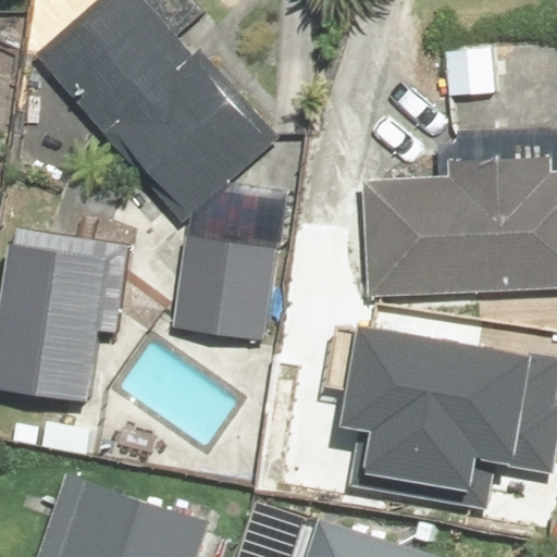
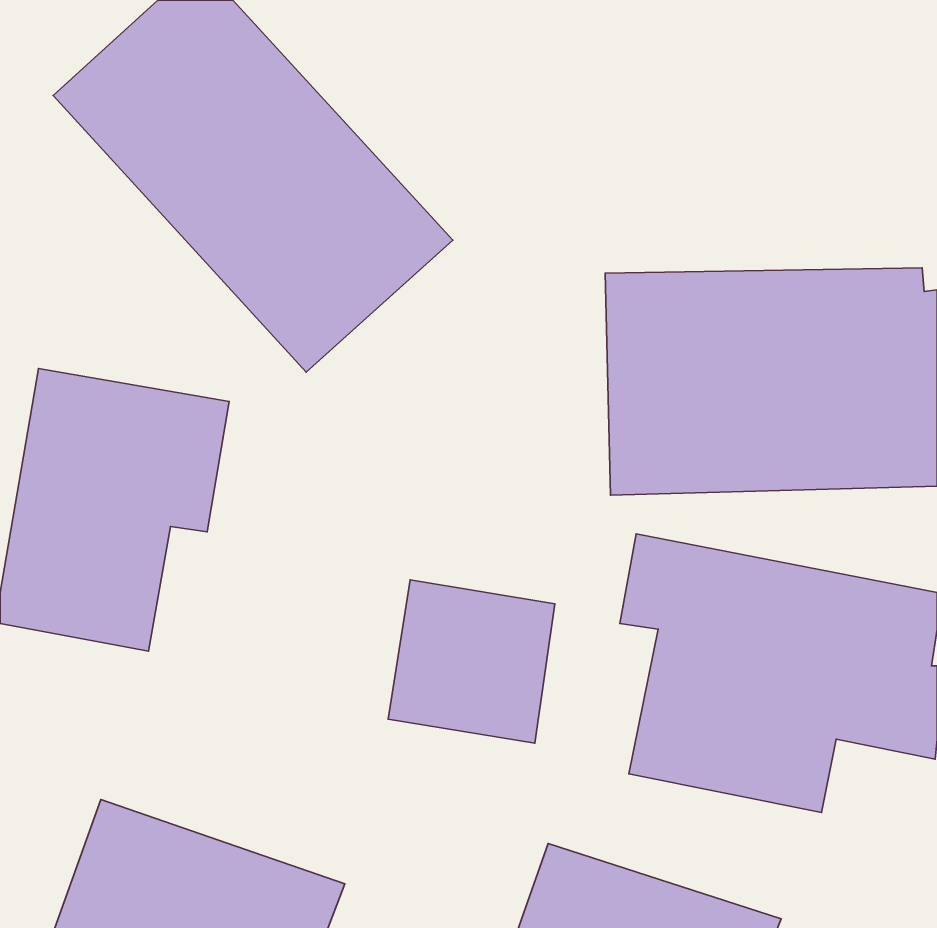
building: [180,236,278,333] -> [388,580,555,743]

